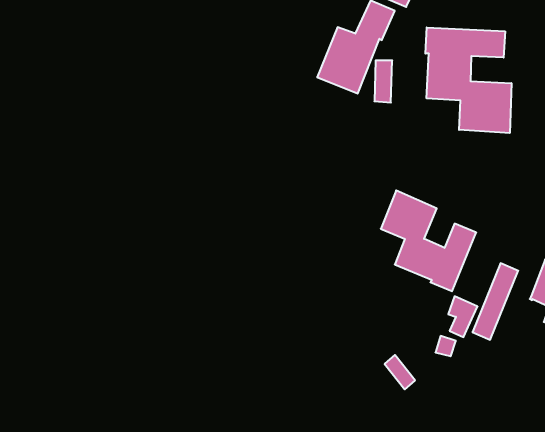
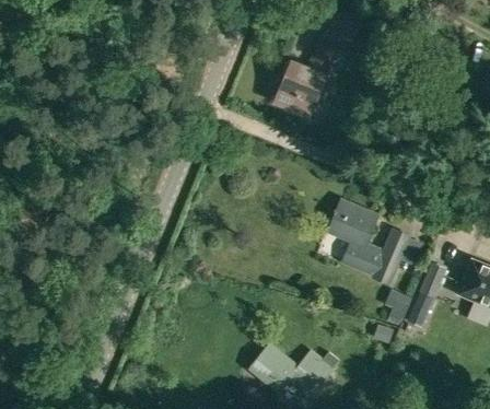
building: [425,27,511,133] -> none
building: none -> [249,344,331,395]

